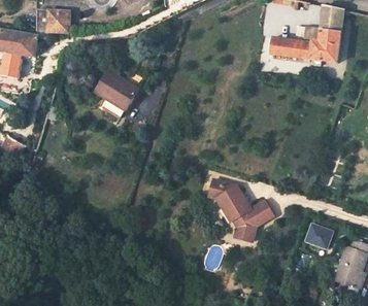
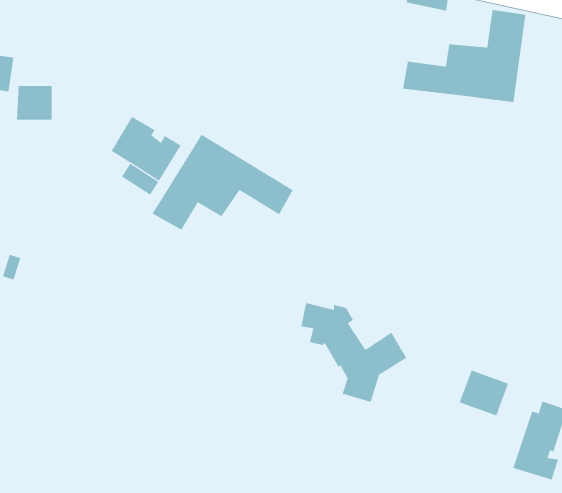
building: [47,10,69,31] -> [16,86,52,120]
building: none -> [152,134,293,231]

